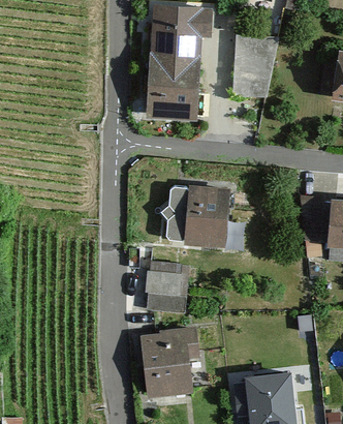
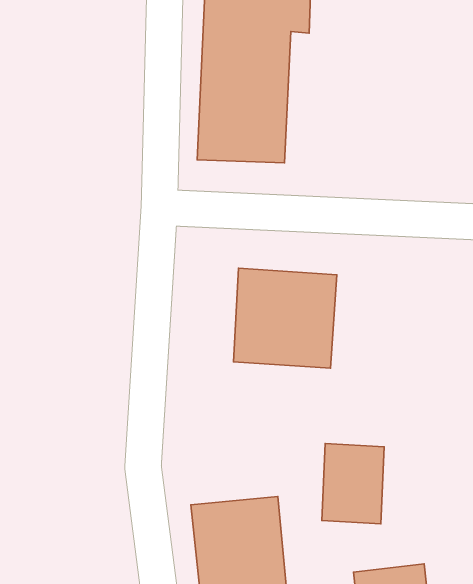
building: [231,30,275,94] -> none
building: [146,258,185,308] -> [322,443,384,524]

